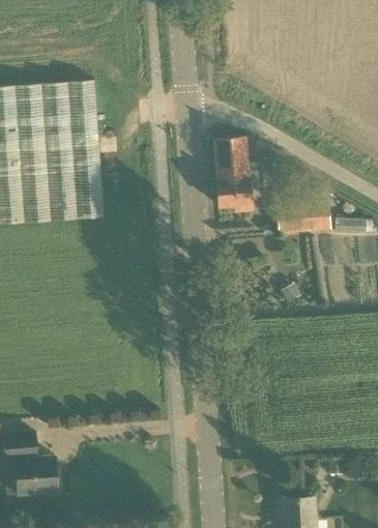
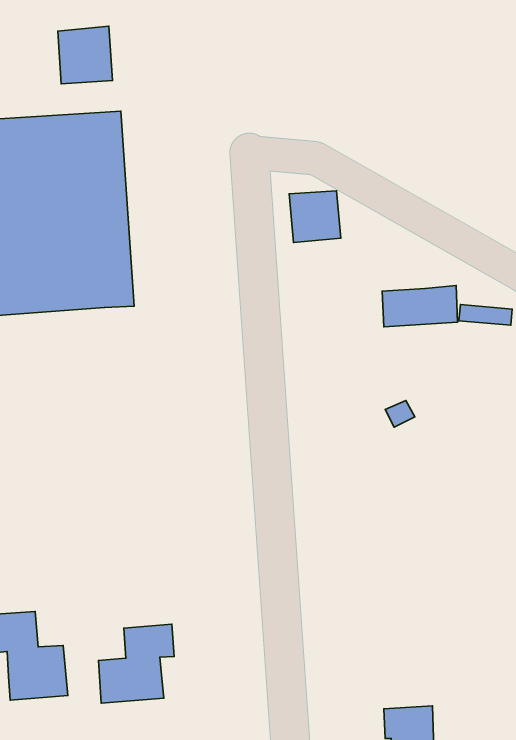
building: none -> [58,26,113,84]
building: [215,170,252,211] -> none
building: none -> [99,624,174,703]

